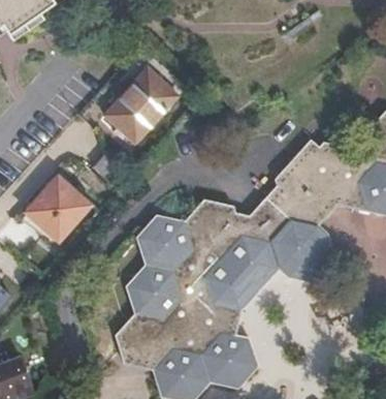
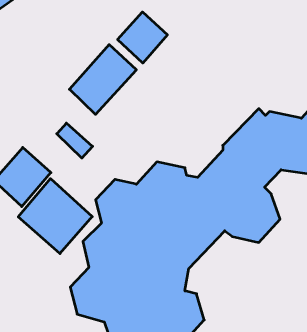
building: none -> [118,12,167,63]
building: none -> [18,179,92,254]

